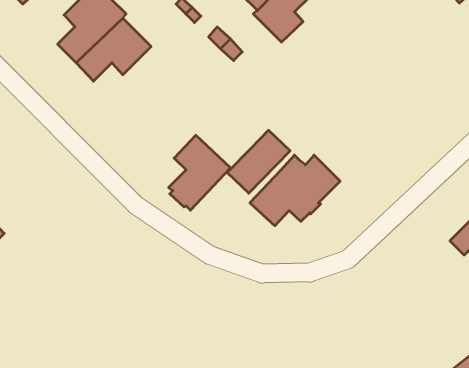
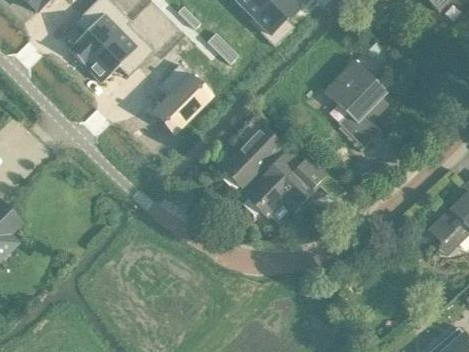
building: none -> [325,59,388,147]
building: [169,135,231,210] -> [153,63,210,132]

